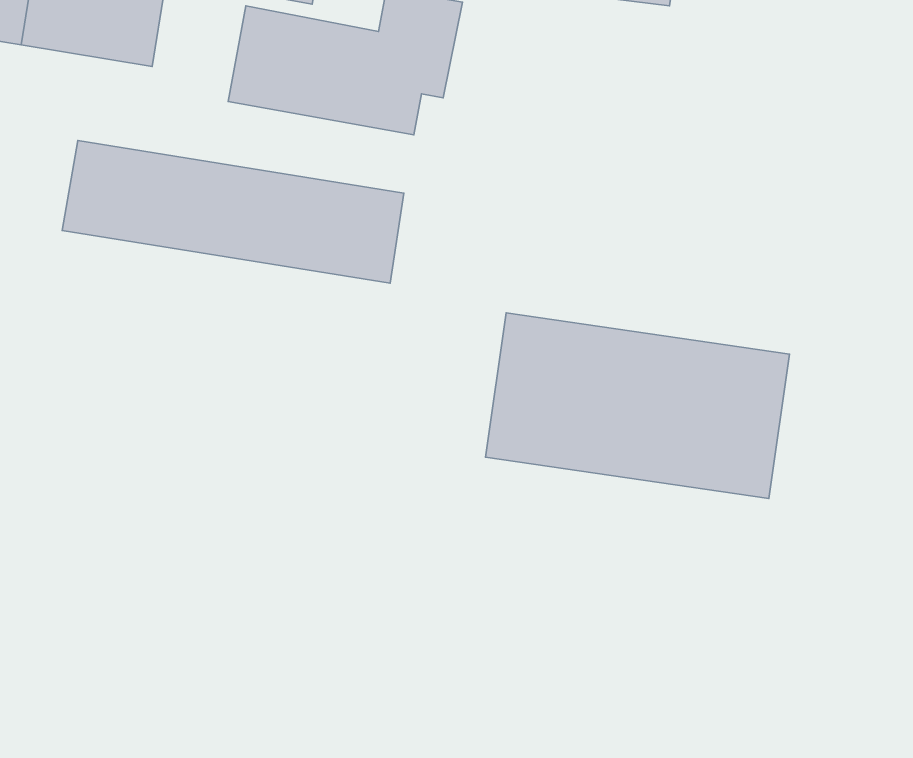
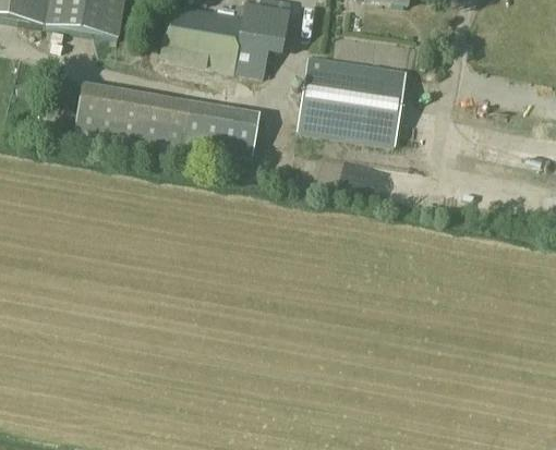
building: none -> [299,58,407,145]
building: [486,313,789,499] -> none

